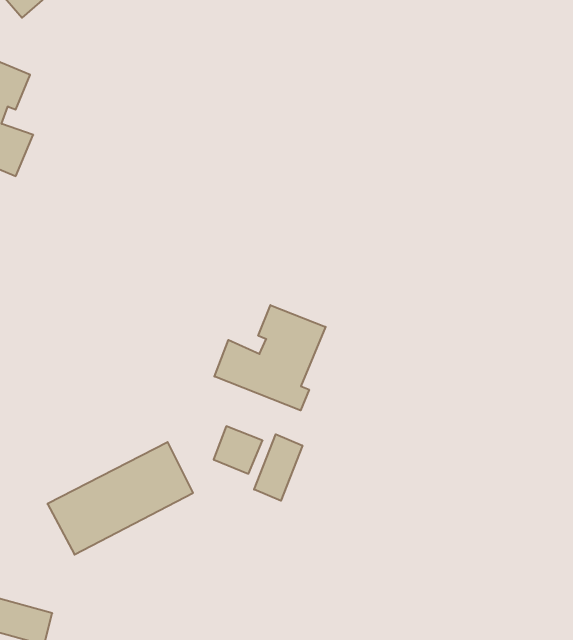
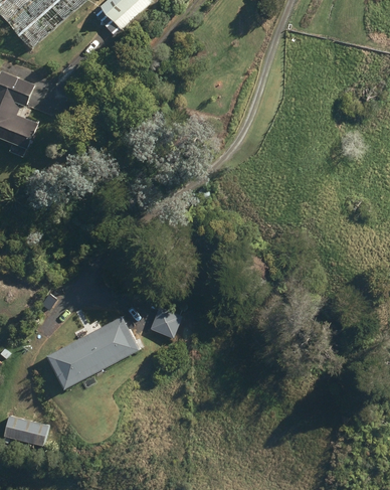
building: [214,305,326,410] -> none
building: [254,434,302,501] -> none

